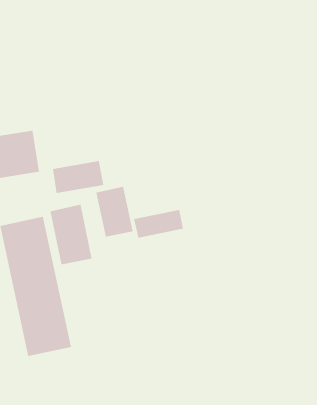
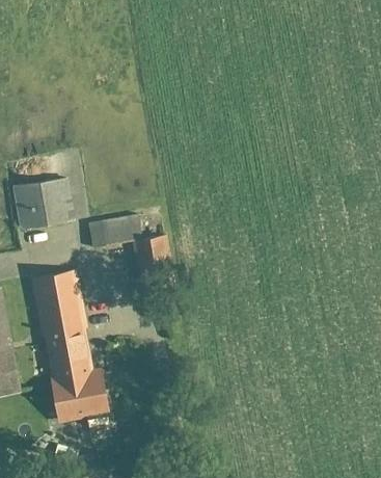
building: [50,204,92,265] -> none
building: [134,209,183,238] -> none

